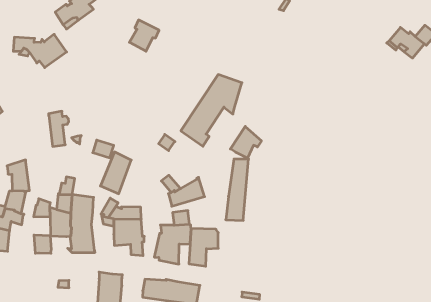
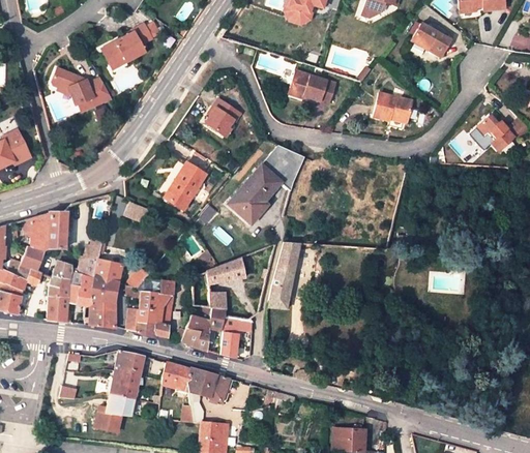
building: none -> [289,70,335,103]
building: none -> [373,92,412,120]
building: [129,20,159,51] -> [204,99,239,135]
building: [49,111,69,146] -> [50,210,71,248]
building: [230,126,261,158] -> none
building: [100,152,131,194] -> [167,162,205,210]
building: none -> [49,278,69,302]
building: none -> [126,308,156,336]

